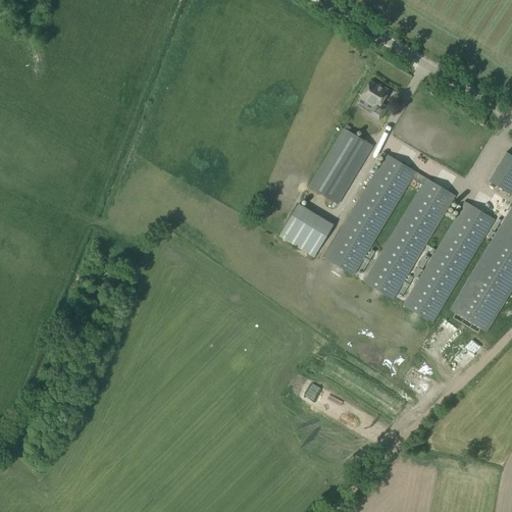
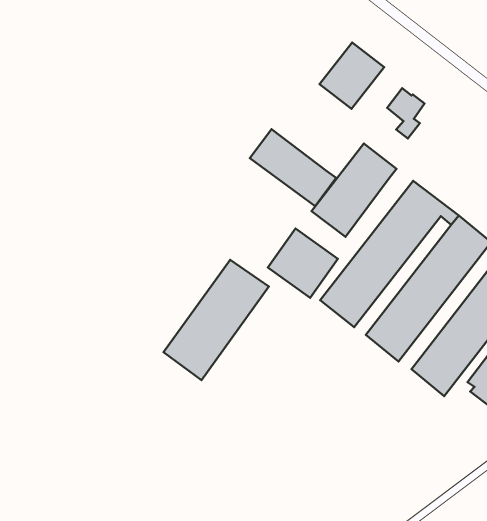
building: none -> [320,42,384,109]
building: none -> [250,129,336,206]
building: none -> [163,260,269,380]

